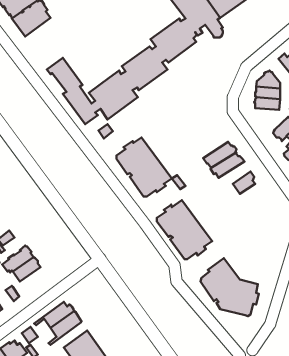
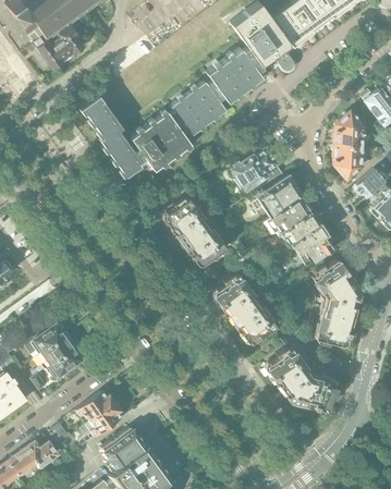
building: none -> [229,149,283,191]
building: none -> [333,157,363,180]
building: none -> [257,175,304,218]
building: none -> [289,222,328,254]
building: none -> [305,260,361,345]
building: none -> [47,351,82,381]

